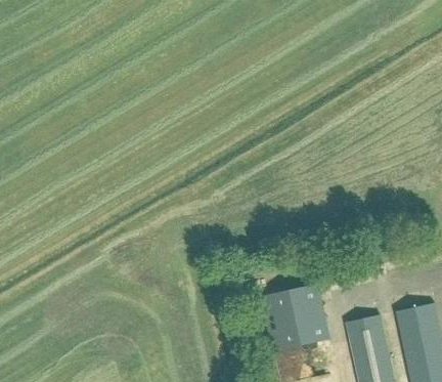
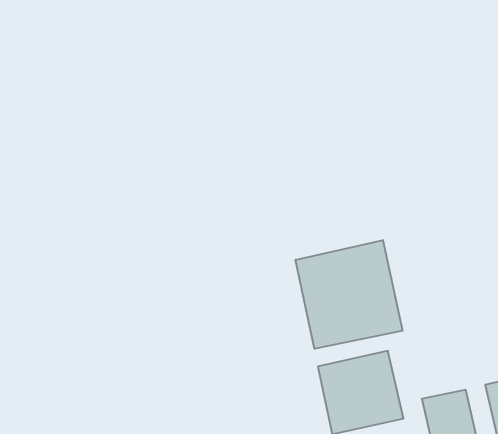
building: none -> [296,240,403,349]

